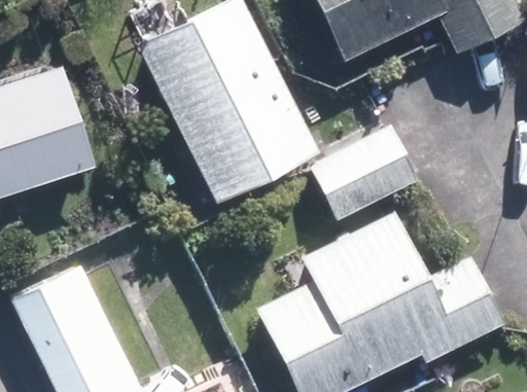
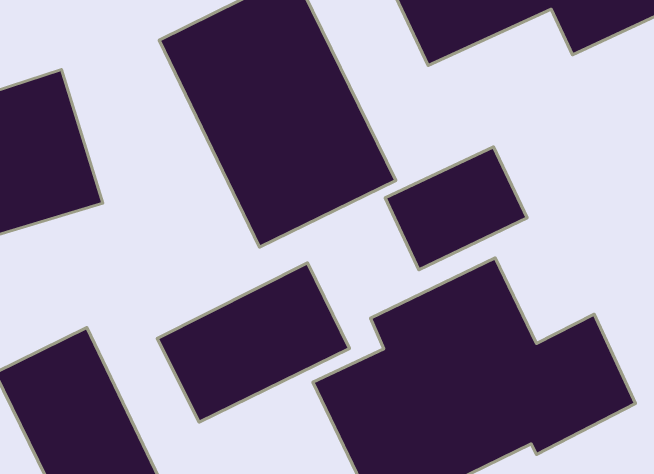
building: none -> [157,263,349,422]

